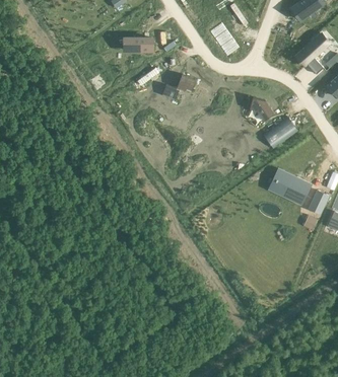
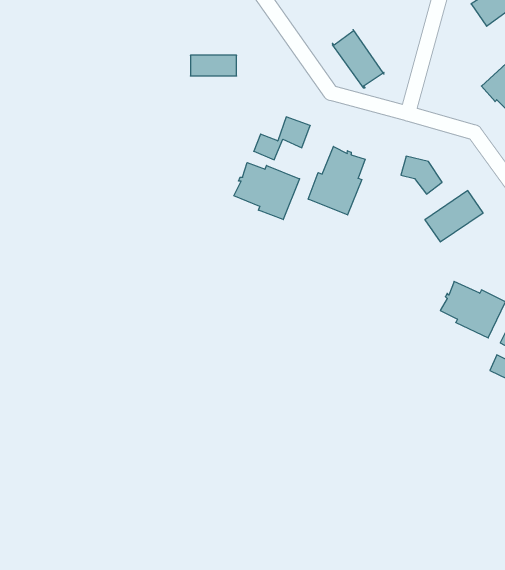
building: none -> [308,146,365,215]
building: none -> [234,163,300,220]

